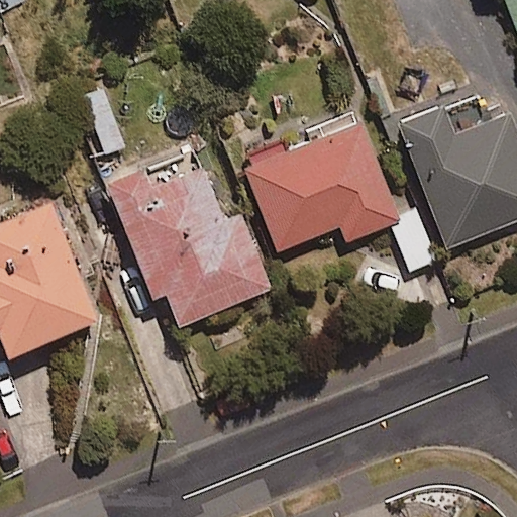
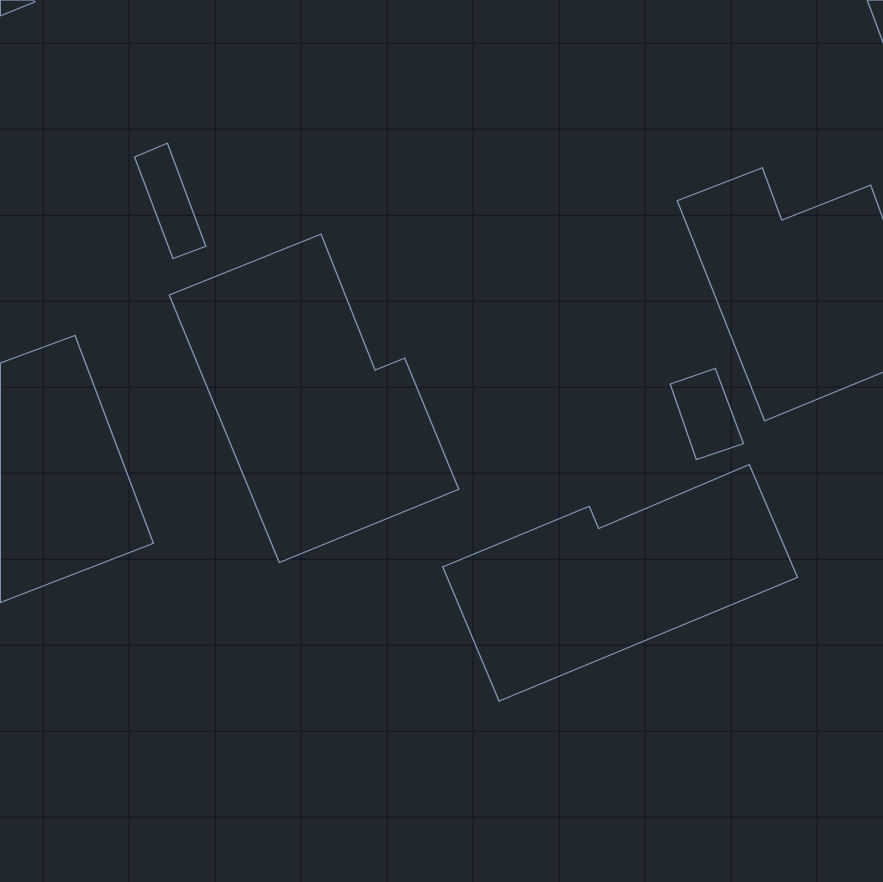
building: [244,120,401,250] -> none
building: none -> [443,464,798,701]

